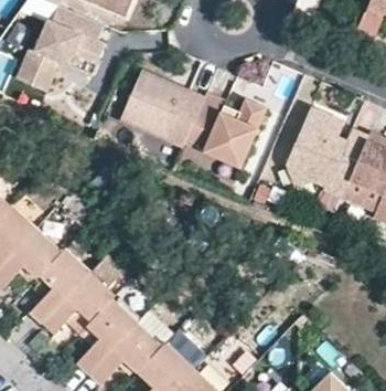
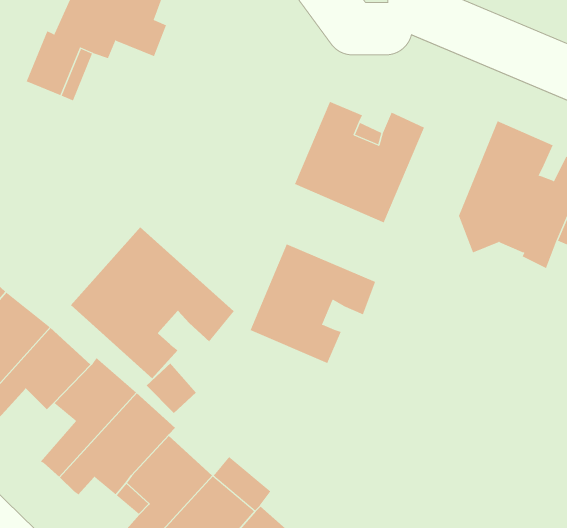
building: [119,64,191,138] -> none
building: none -> [70,226,234,379]
building: none -> [250,244,376,364]

